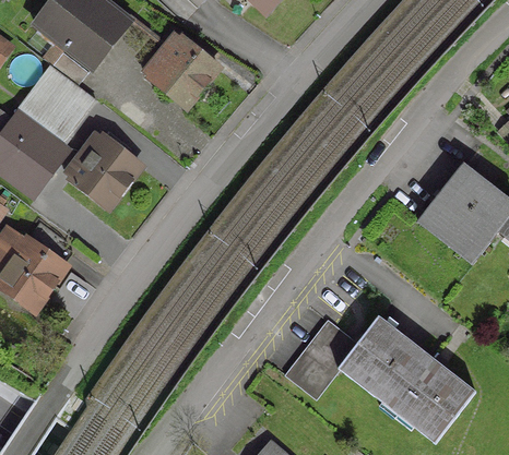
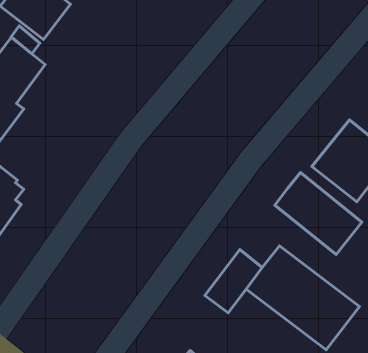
building: [143,33,218,107] -> none
building: [63,131,141,206] -> none
building: none -> [275,172,362,255]

